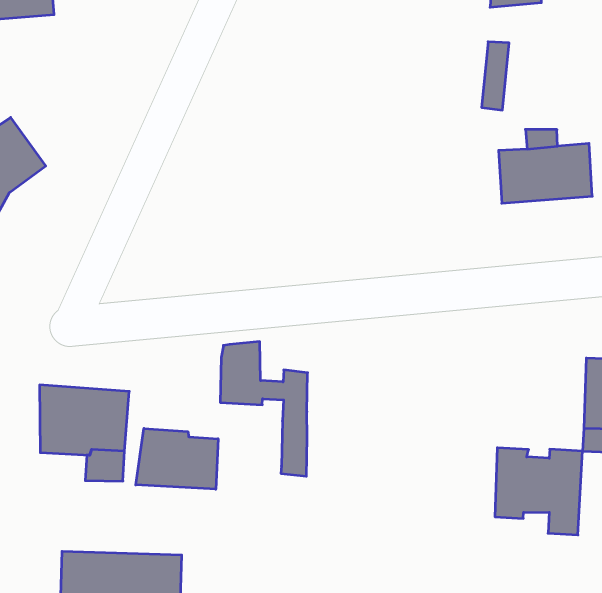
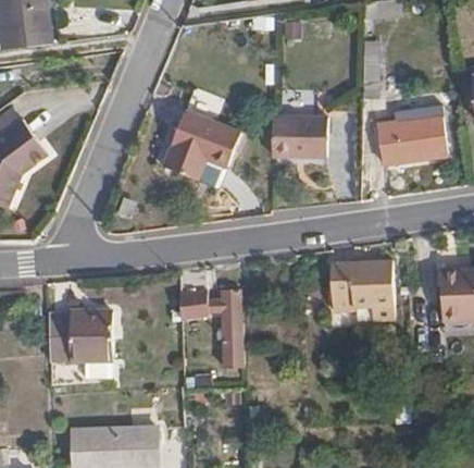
building: none -> [150,107,227,186]
building: none -> [262,113,320,156]
building: [136,428,218,489] -> none
building: [495,448,583,535] -> [334,261,396,322]

